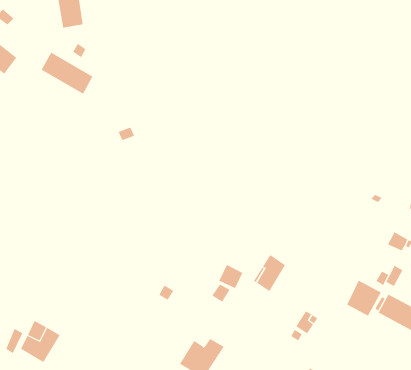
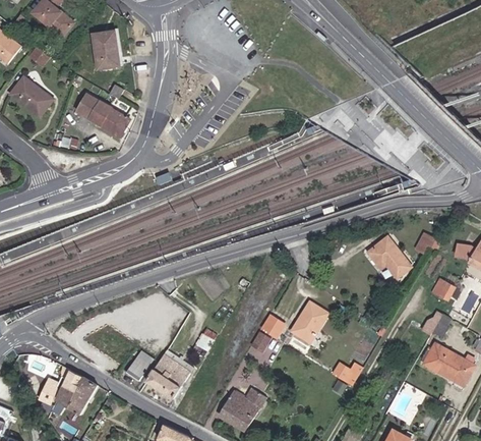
building: none -> [370,236,412,277]
building: [347,280,381,317] -> none
building: none -> [126,350,154,381]
building: none -> [146,351,191,397]

